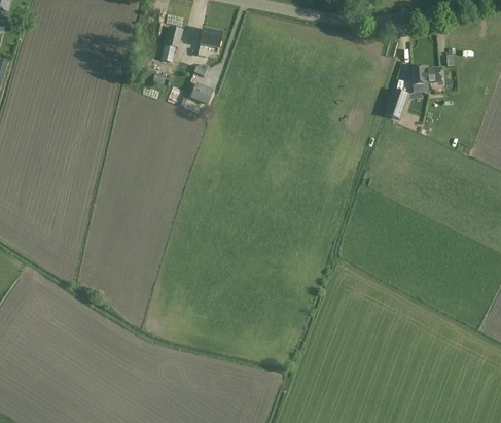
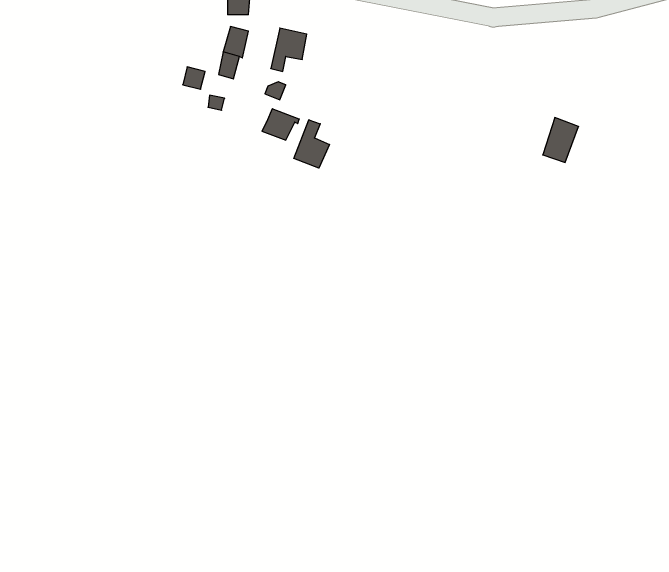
building: [410,65,440,91] -> none
building: none -> [294,120,329,168]

